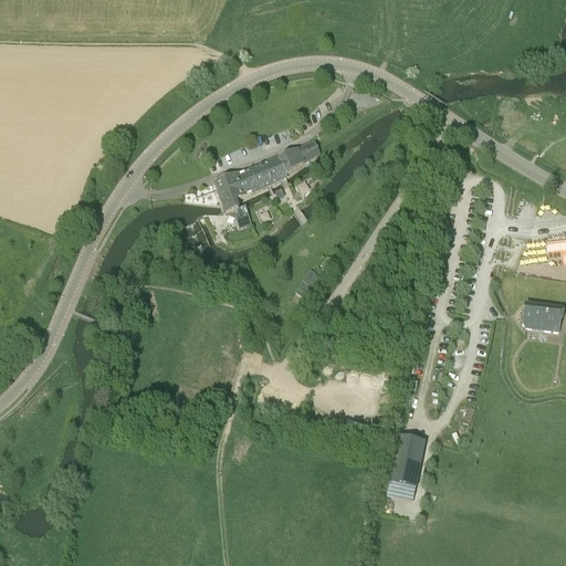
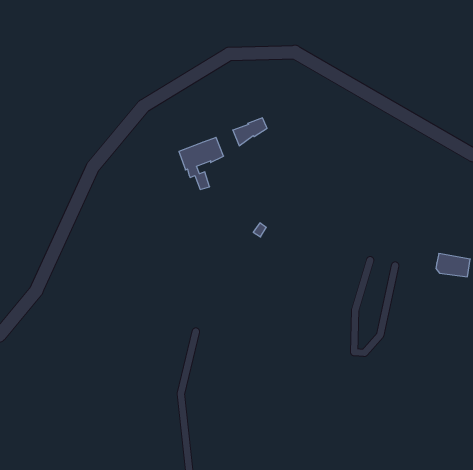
building: [258,155,286,186] -> none
building: [390,436,426,495] -> none

